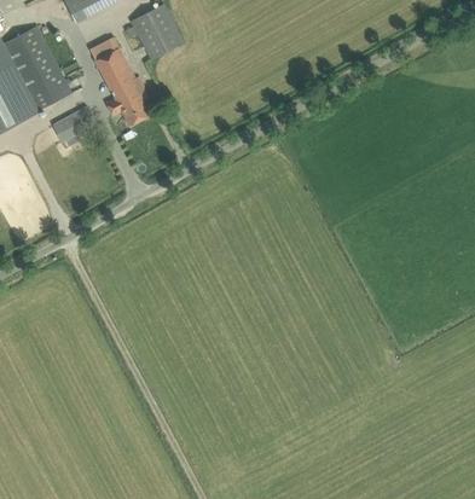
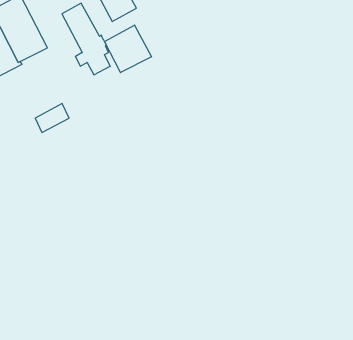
building: none -> [105,25,151,73]
building: [53,106,95,143] -> [35,104,69,133]

